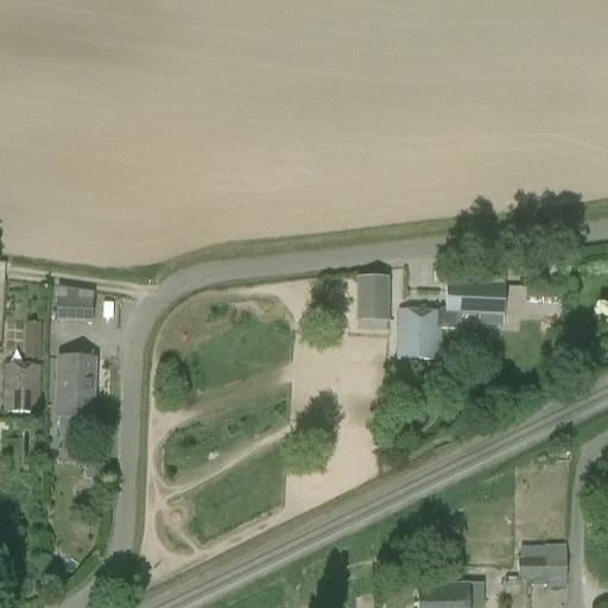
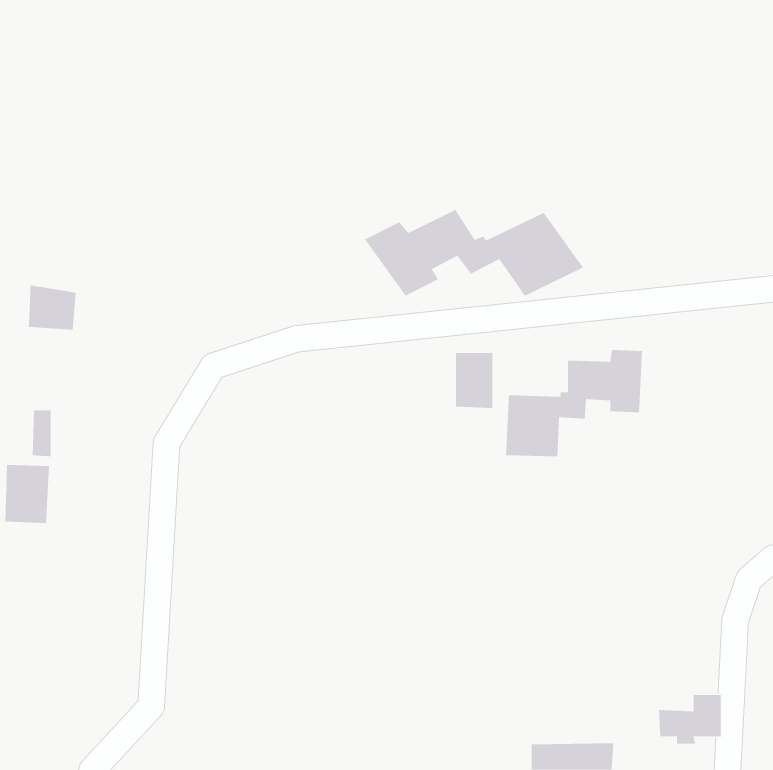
building: none -> [364,209,584,296]
building: [55,285,93,321] -> [28,285,77,330]
building: [56,356,94,437] -> none

